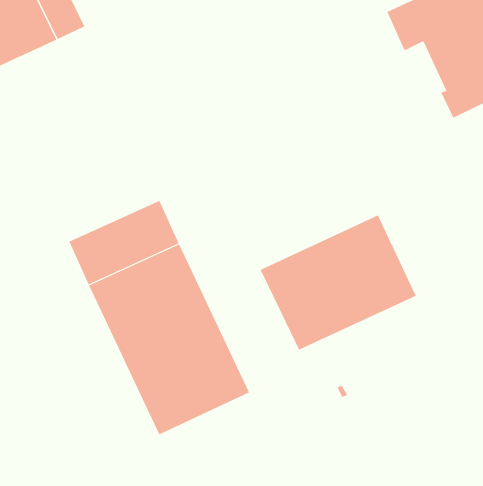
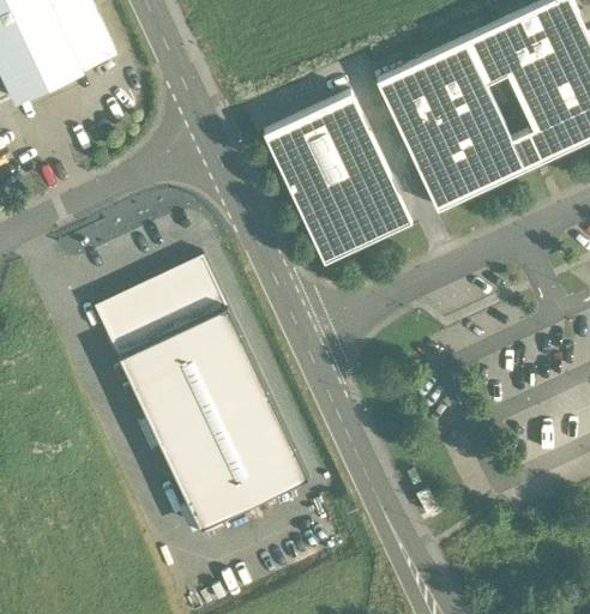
building: none -> [375,38,541,210]
building: none -> [263,91,410,263]
building: [260,215,417,351] -> none

